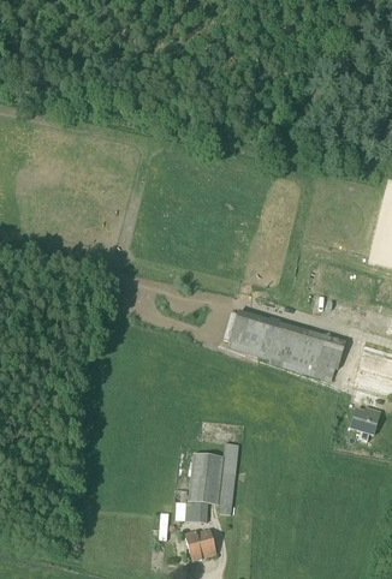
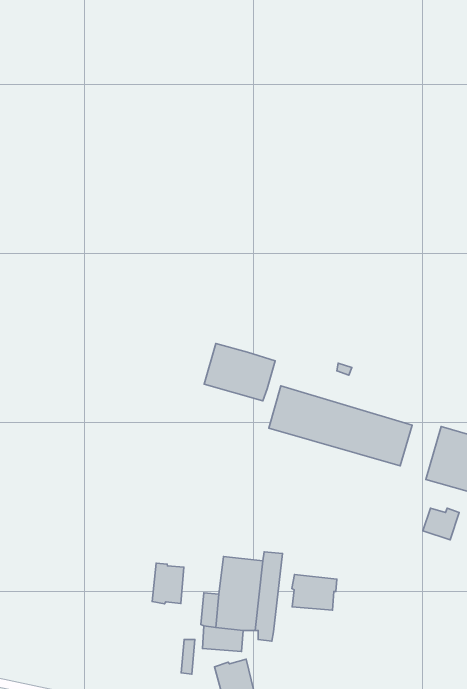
building: none -> [204,343,275,401]
building: none -> [152,563,184,604]
building: none -> [292,575,337,610]

